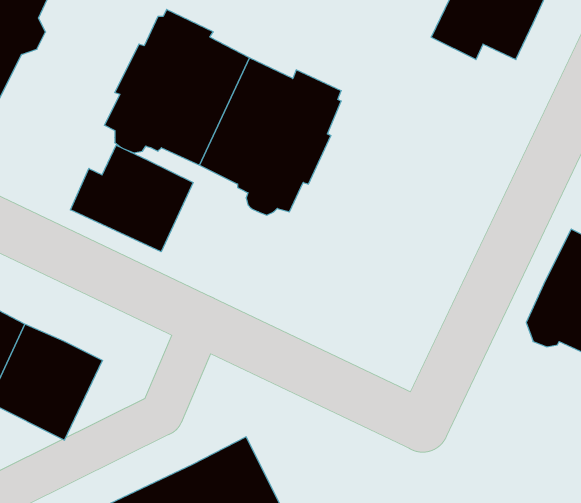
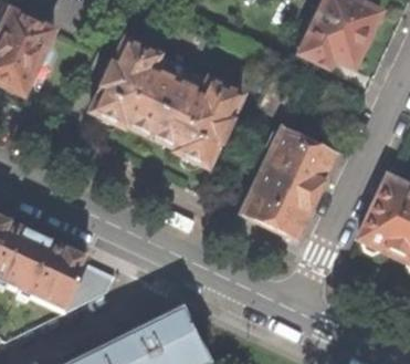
building: [70,145,193,252] -> none
building: none -> [242,128,336,239]
building: none -> [64,260,118,312]

